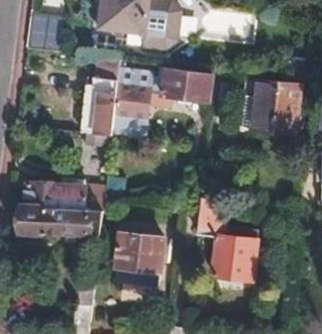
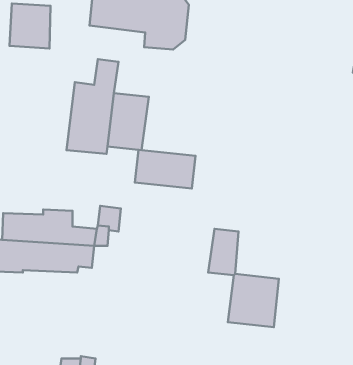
building: [163,68,213,100] -> [135,150,195,189]
building: [239,79,302,132] -> none
building: [115,232,164,270] -> none

